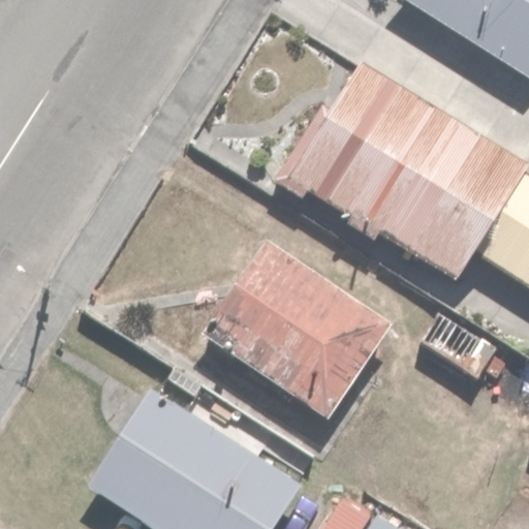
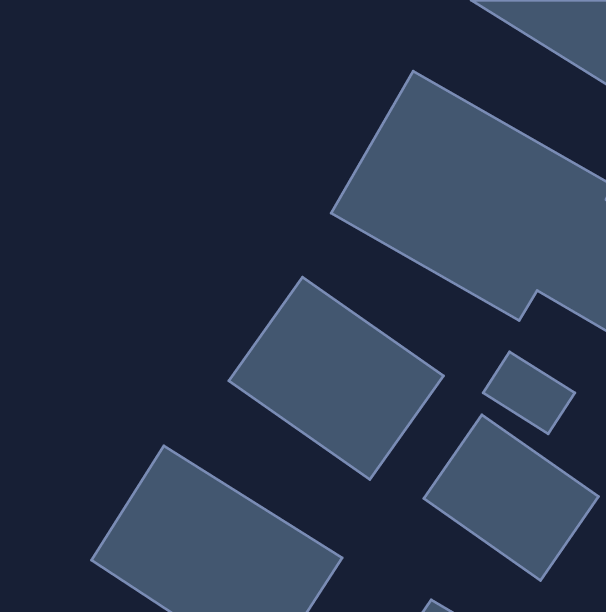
building: none -> [424,415,599,580]

